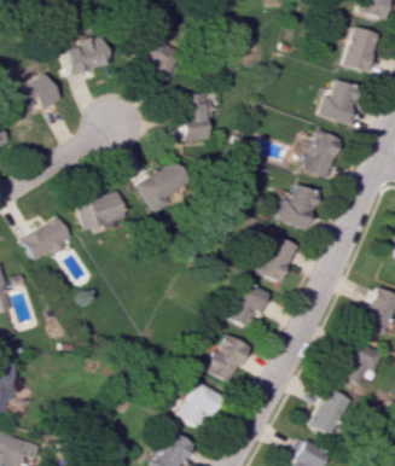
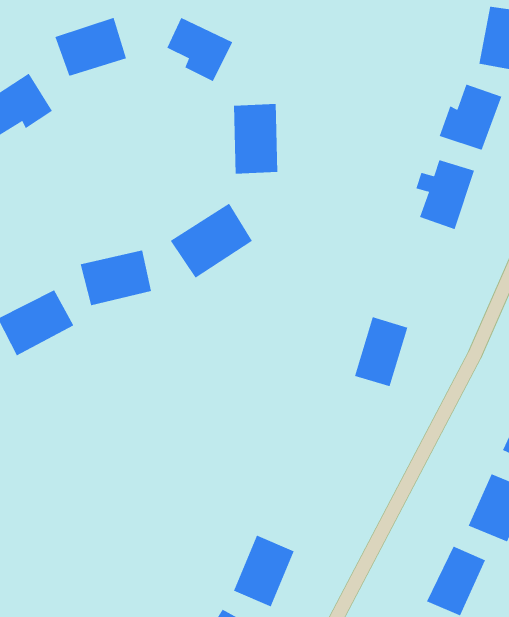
building: [278,185,320,229] -> none
building: [230,281,274,326] -> none
building: [204,333,251,384] -> none

